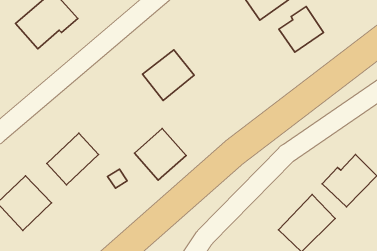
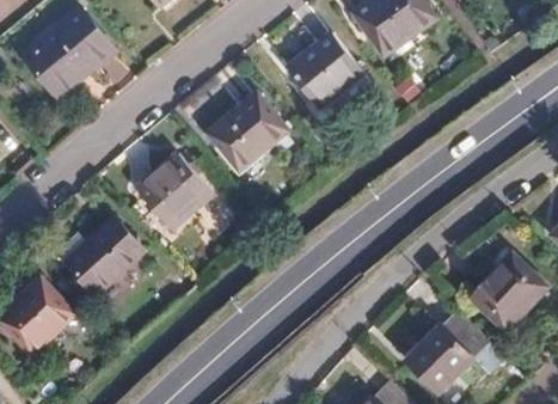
building: [279,6,323,52] -> none
building: none -> [288,39,358,110]
building: [134,129,186,180] -> [136,153,211,228]

